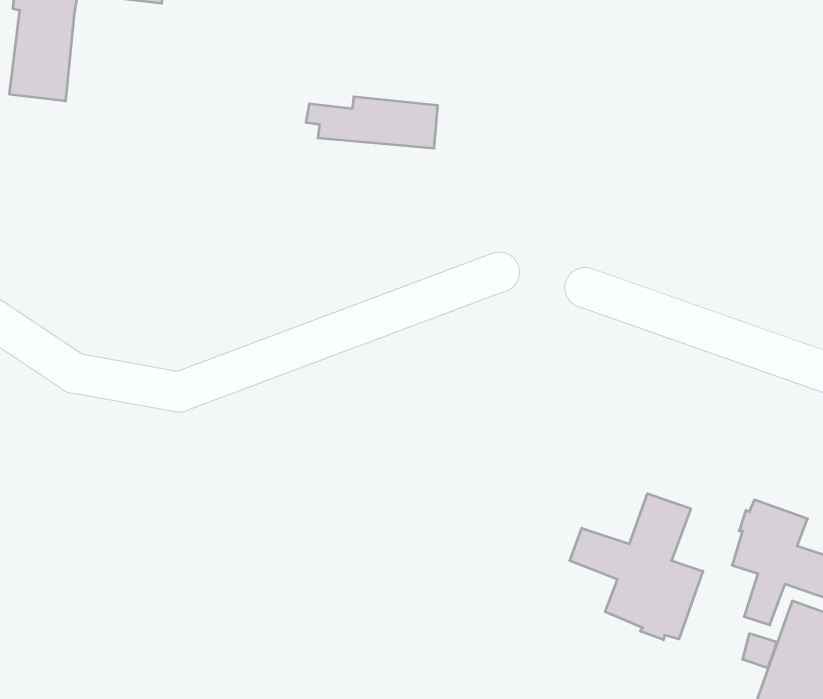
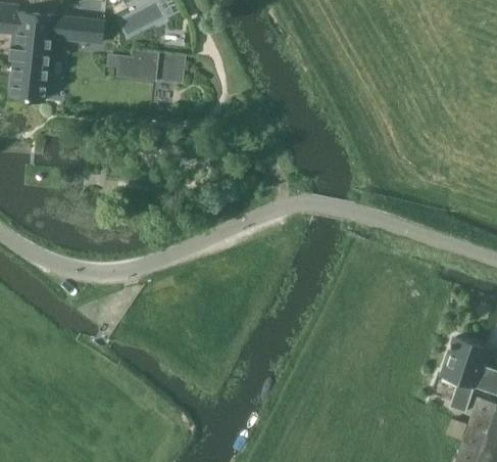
building: [306,97,438,148] -> [107,52,186,83]
building: [570,494,703,640] -> none

